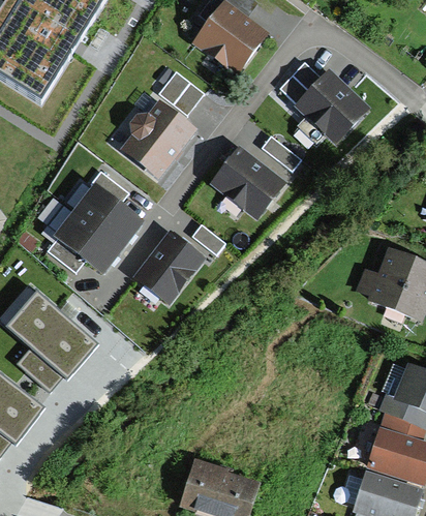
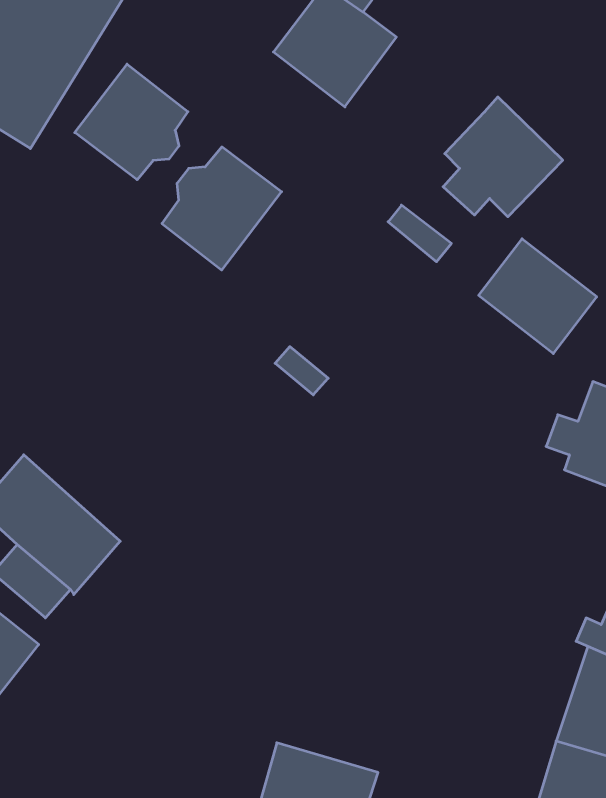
building: none -> [75,64,188,180]
building: [279,61,322,104] -> none
building: [158,72,203,115] -> none
building: [211,147,284,218] -> [479,239,597,354]
building: [51,173,142,269] -> none
building: [131,229,206,305] -> none

